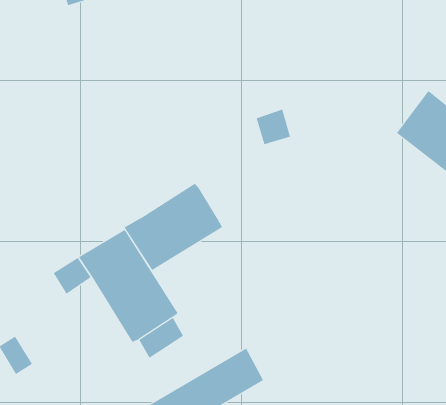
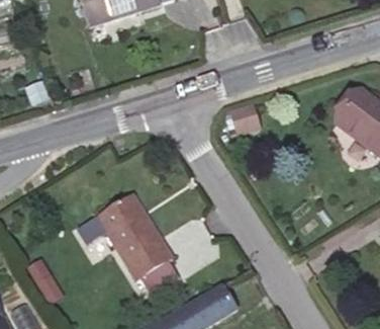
building: [124,183,223,271] -> none

